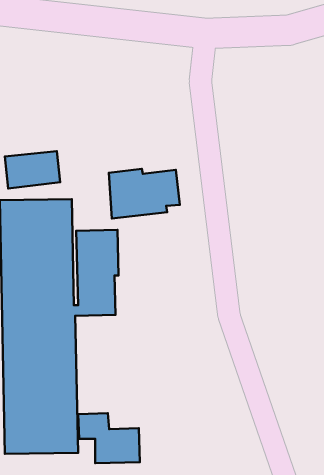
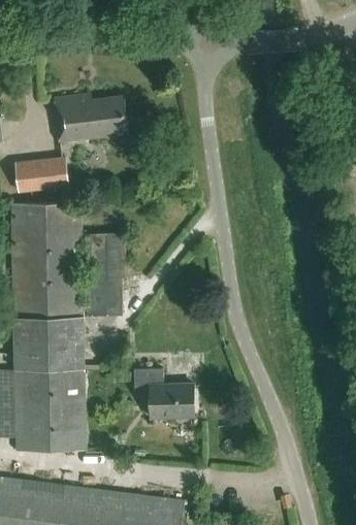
building: [109,169,180,219] -> [57,96,126,144]
building: [78,413,140,463] -> [133,369,193,418]

